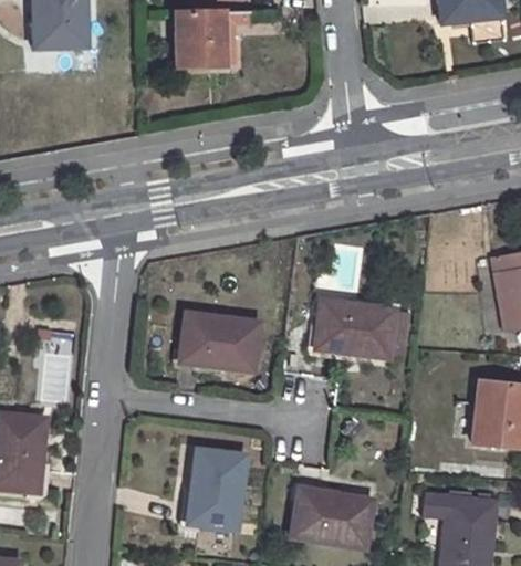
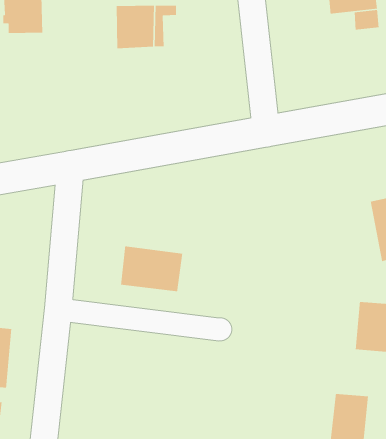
building: [314,300,394,358] -> none
building: [187,449,243,530] -> none
building: [291,486,372,547] -> none

